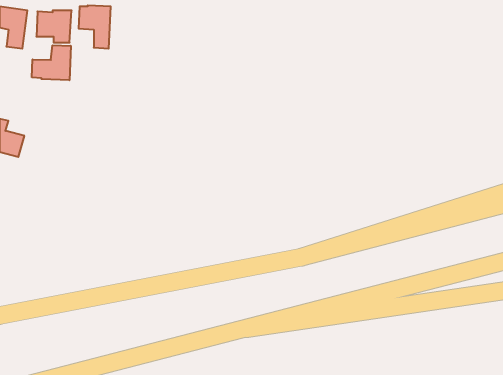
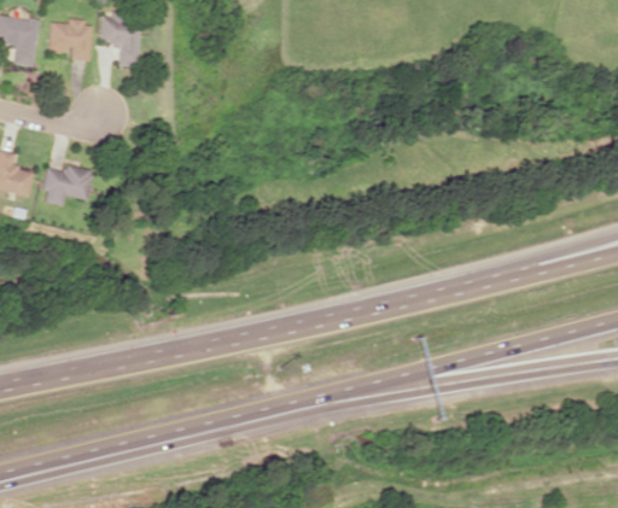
building: [32,45,71,80] -> none
building: none -> [42,165,92,205]

